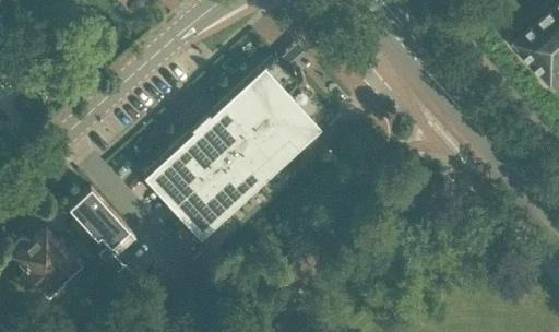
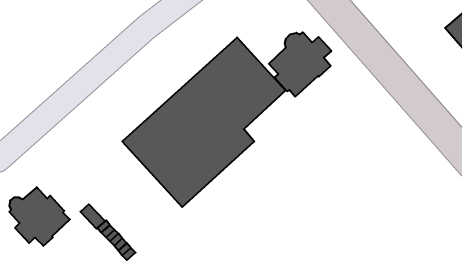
building: none -> [269,32,331,97]
building: [71,189,127,247] -> none

